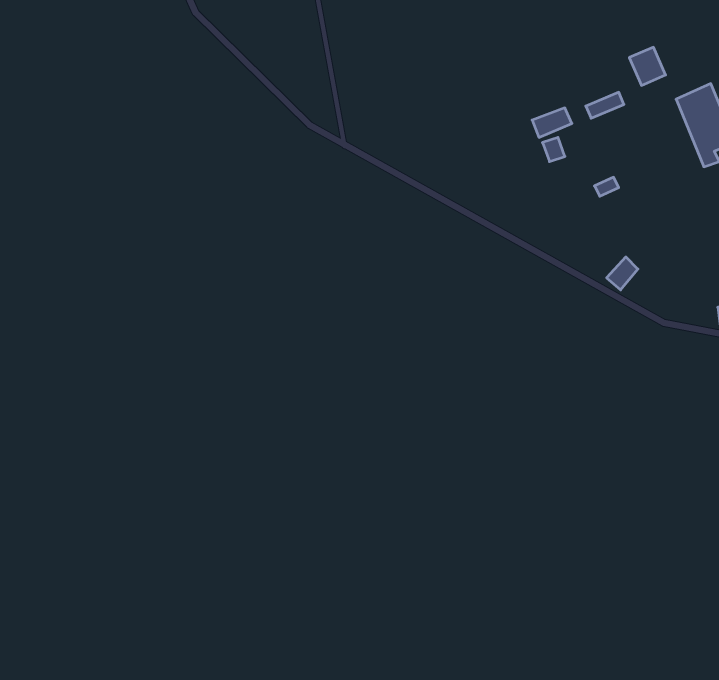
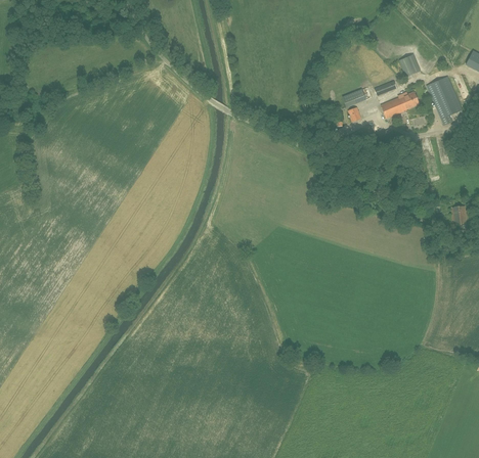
building: none -> [382,91,420,118]

